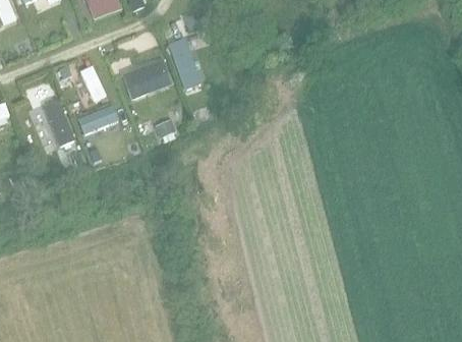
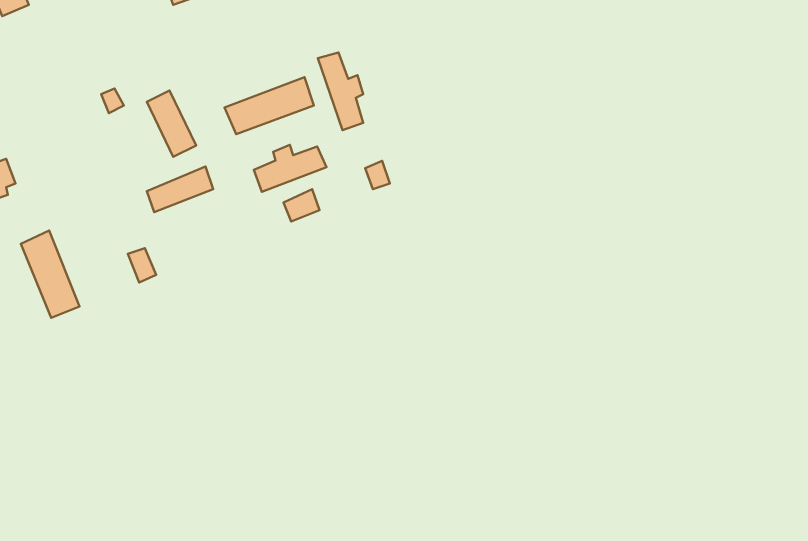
building: none -> [254,145,326,192]
building: [44,101,75,148] -> [21,231,80,318]

